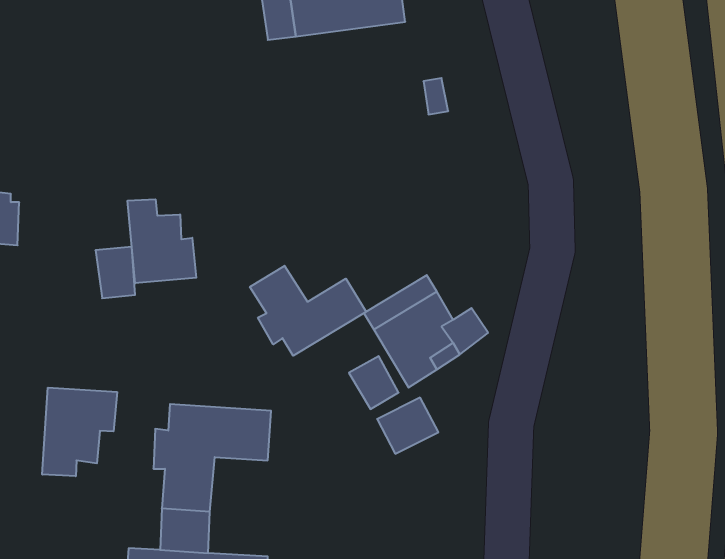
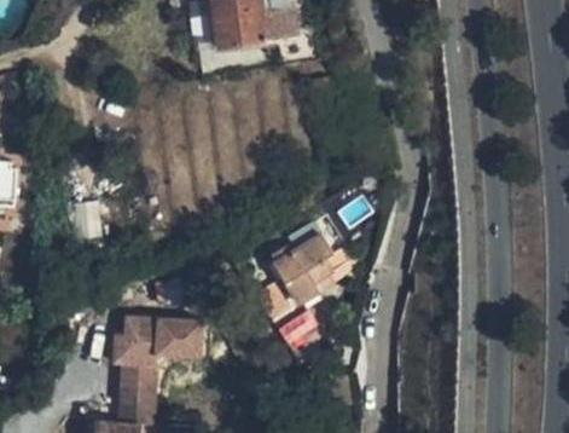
building: [128,199,196,283] -> none
building: [250,266,366,356] -> none
building: [42,388,117,476] -> none

